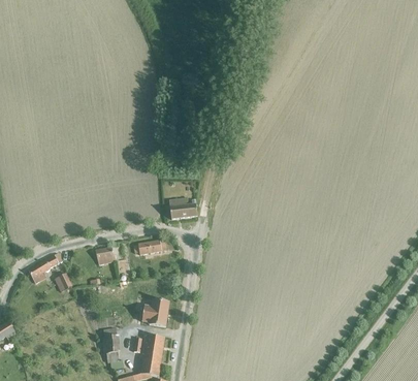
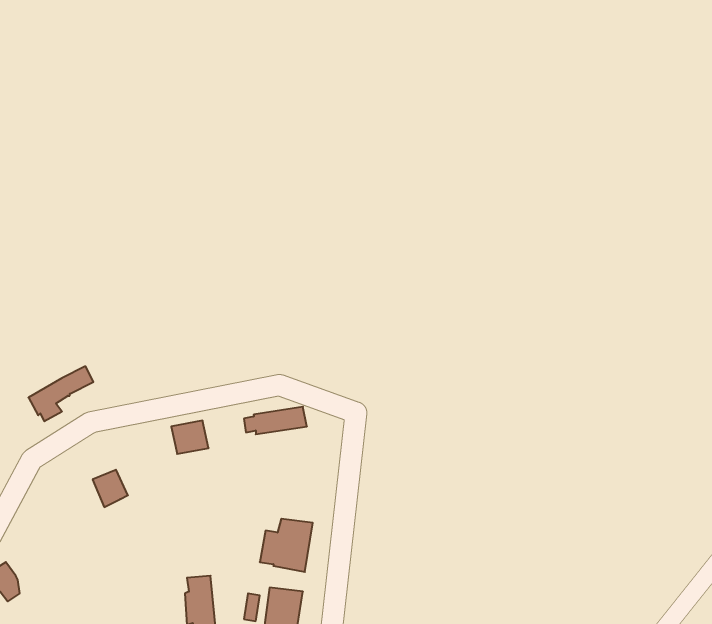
building: [169,197,197,219] -> none
building: [28,253,62,282] -> [28,366,93,421]

